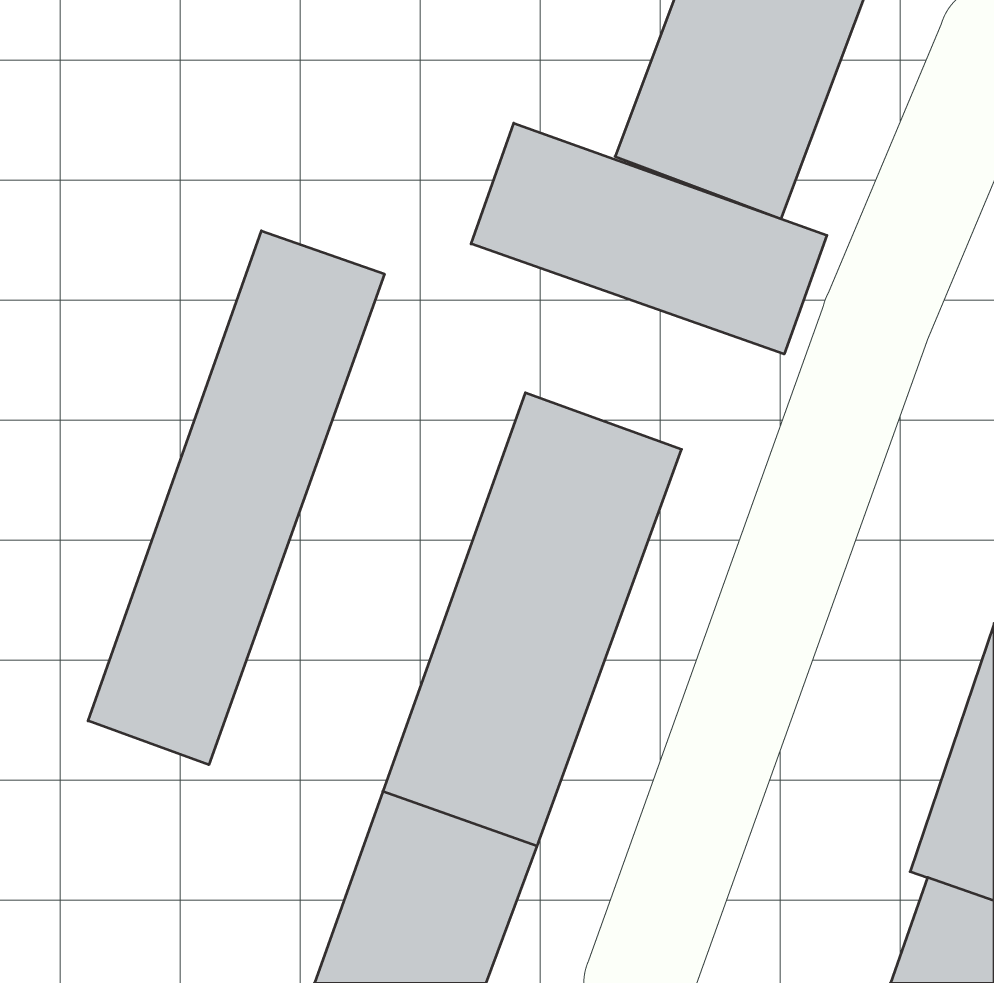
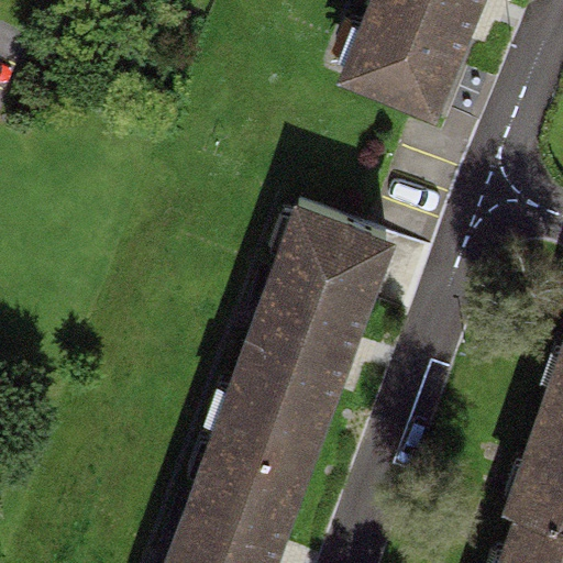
building: [471,123,827,354] -> none
building: [88,231,384,765] -> none

